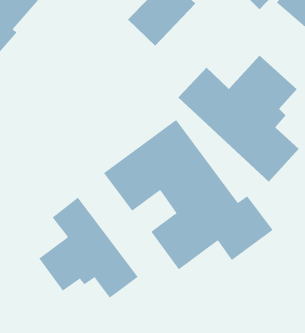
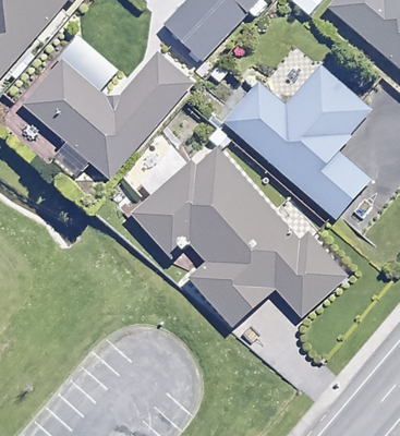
building: none -> [25,56,184,174]
building: [38,197,139,299] -> none

